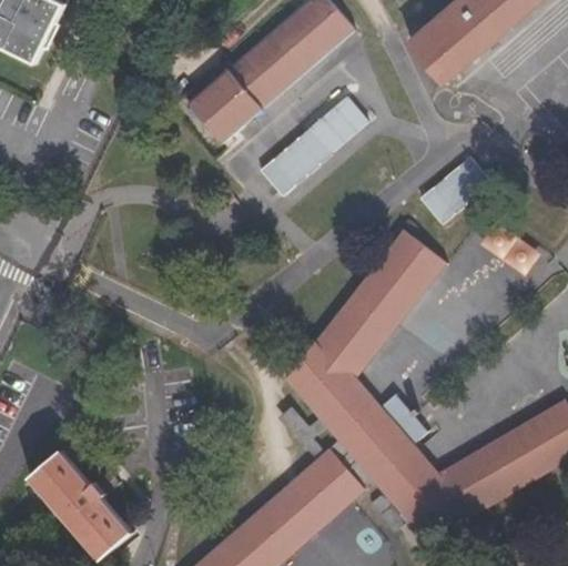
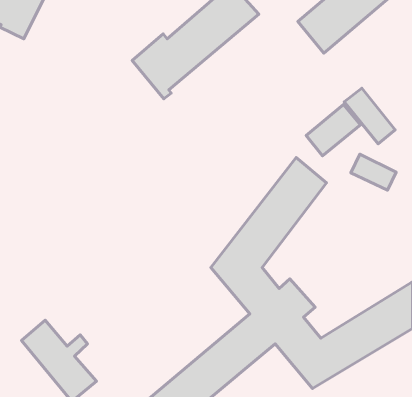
building: [258,97,369,201] -> none
building: none -> [344,88,395,144]

